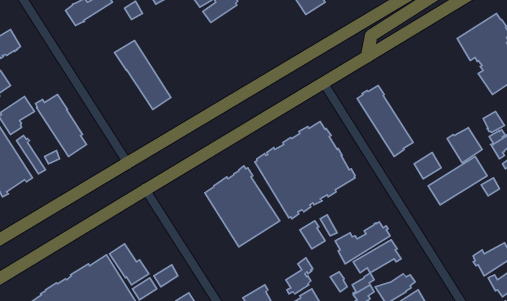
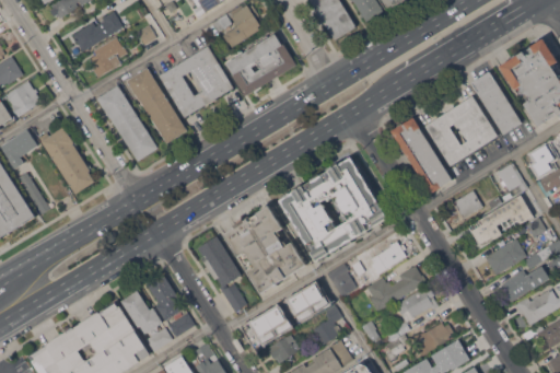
building: none -> [226,33,296,95]
building: none -> [90,37,124,78]
building: none -> [159,46,234,118]
building: none -> [471,72,522,135]
building: none -> [7,81,42,116]
building: none -> [96,85,159,162]
building: none -> [424,95,498,166]
building: none -> [197,236,246,312]
building: none -> [485,238,526,275]
building: none -> [369,241,406,273]
building: none -> [501,266,549,303]
building: none -> [147,275,183,320]
building: none -> [254,281,327,343]

